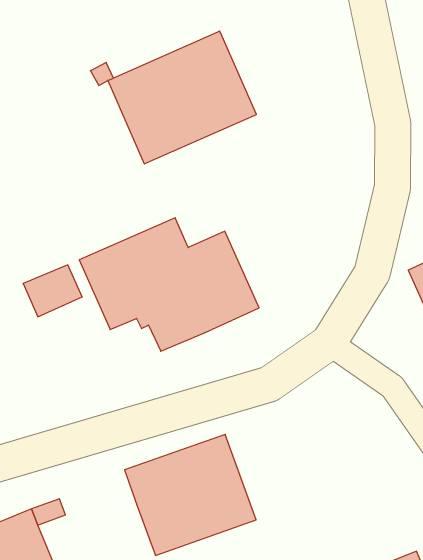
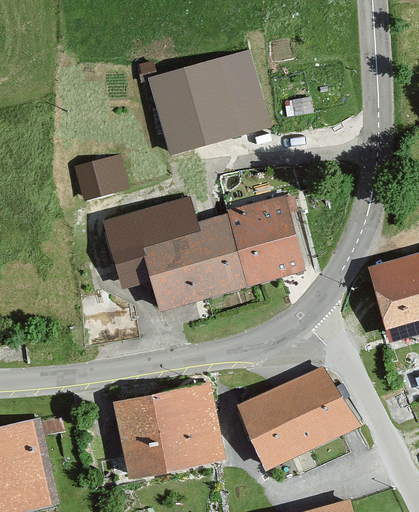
building: none -> [226,196,303,284]
building: [23,265,82,317] -> [77,158,124,197]
building: none -> [239,370,355,464]

